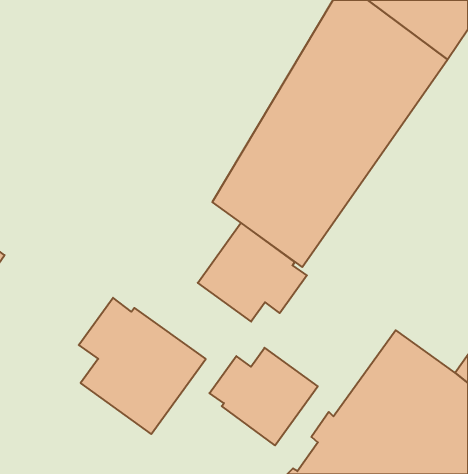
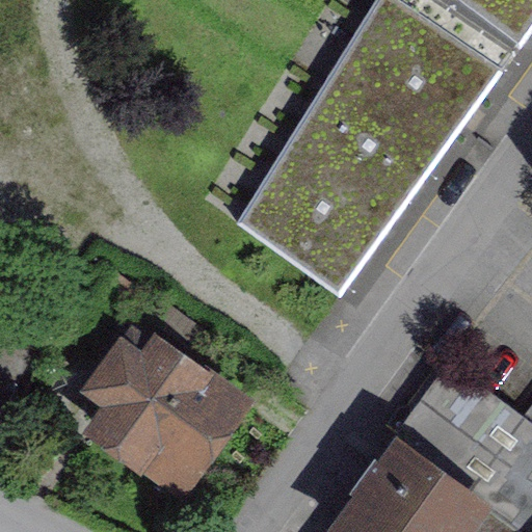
building: [198,223,307,322] -> none
building: [209,348,318,445] -> none

